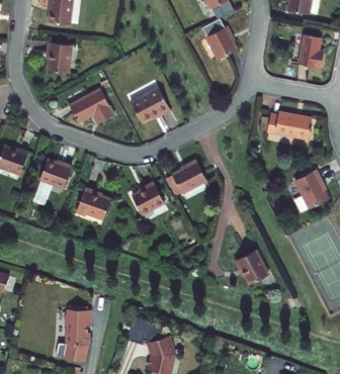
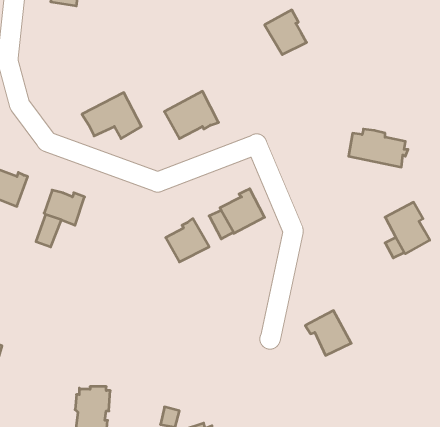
building: [301,35,326,69] -> none
building: [47,42,71,72] -> none
building: [76,187,110,218] -> none

